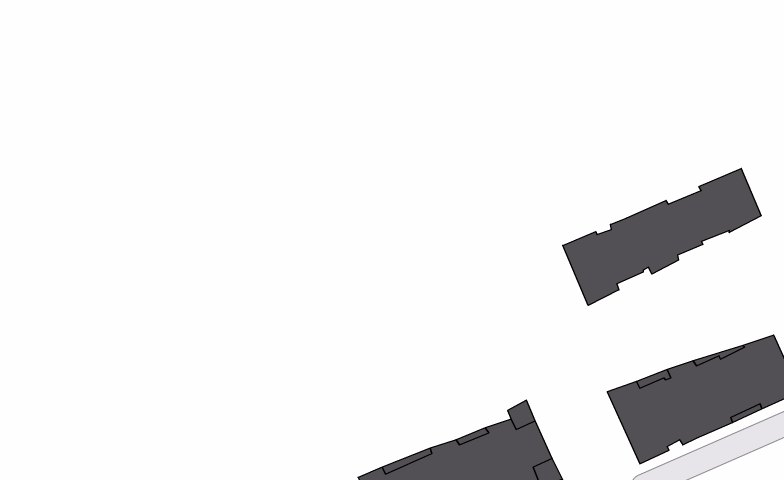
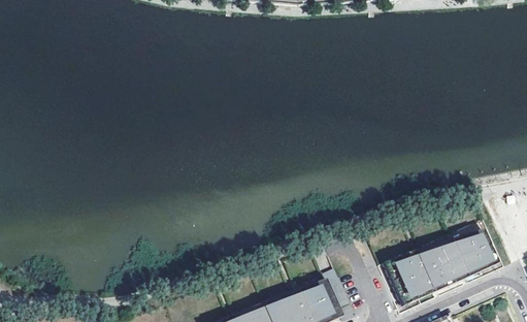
building: [563,168,761,305] -> none

